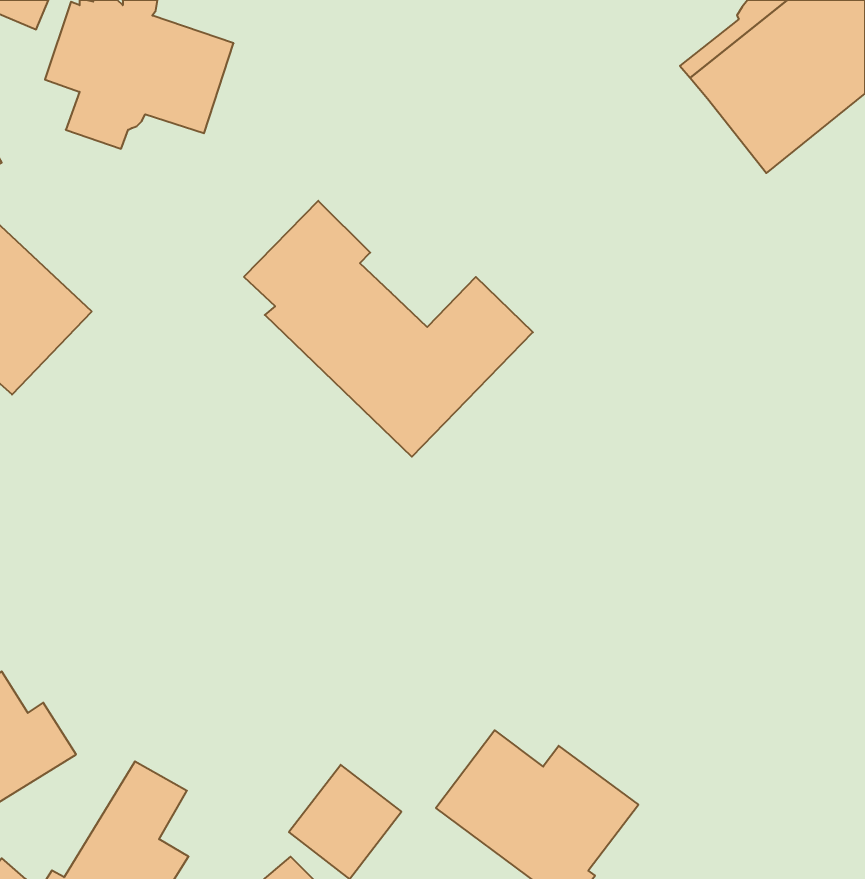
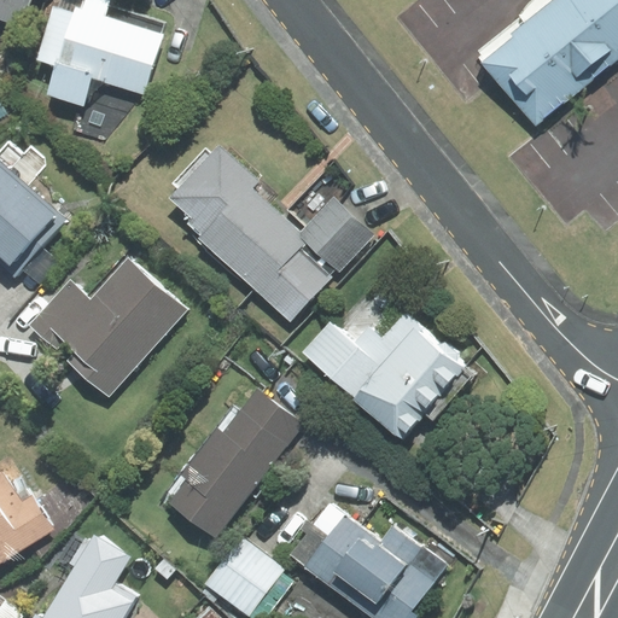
building: none -> [25,258,186,398]
building: none -> [301,314,473,437]
building: none -> [171,390,301,535]

